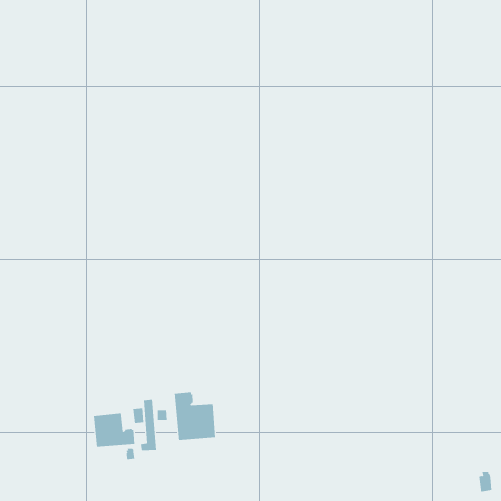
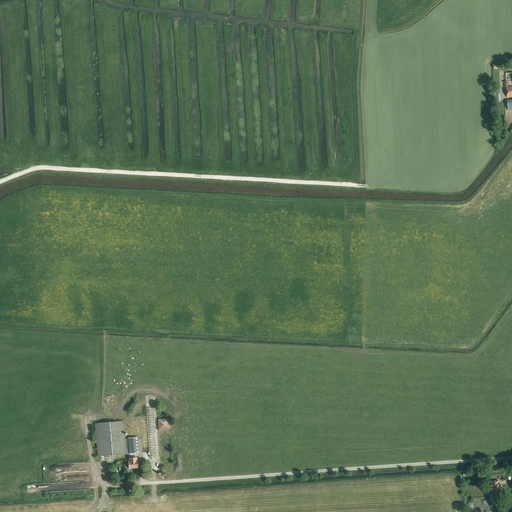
building: [174,392,215,441] -> none

